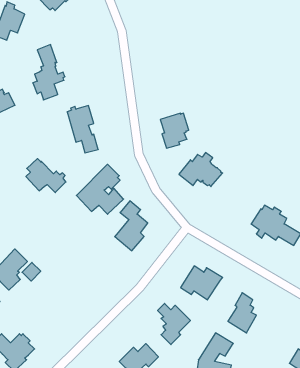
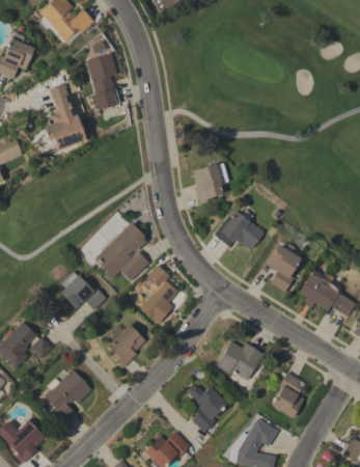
building: [67,106,98,153] -> [86,53,122,108]
building: [26,159,66,193] -> [60,271,107,310]
building: none -> [267,245,301,292]
building: none -> [108,323,145,366]
building: none -> [44,369,92,424]

